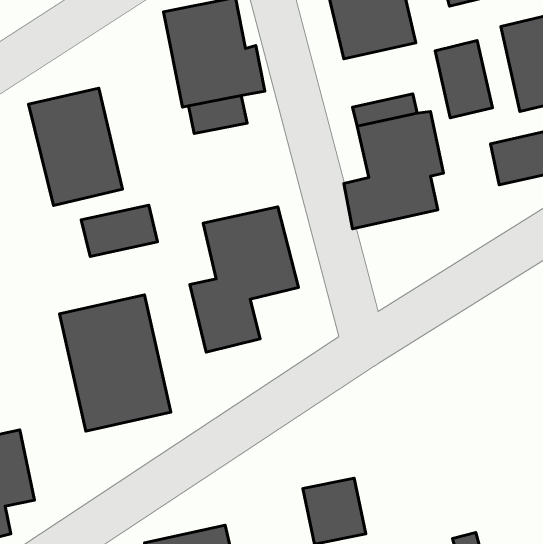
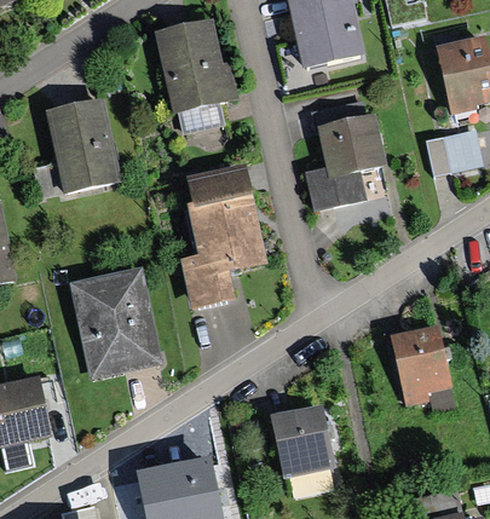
building: [435,41,492,118] -> none
building: [81,205,158,256] -> [188,163,250,206]
building: none -> [390,336,444,403]

